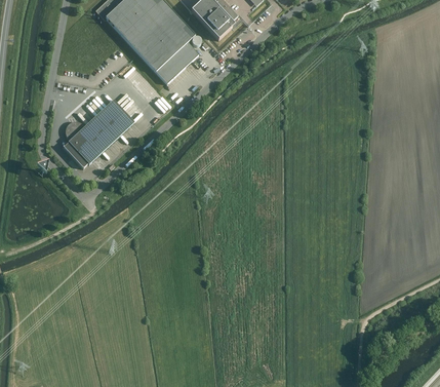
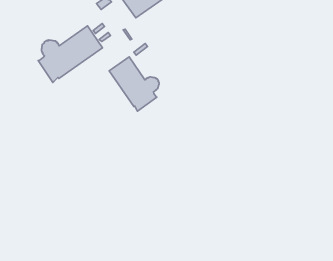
building: none -> [109,57,159,111]

